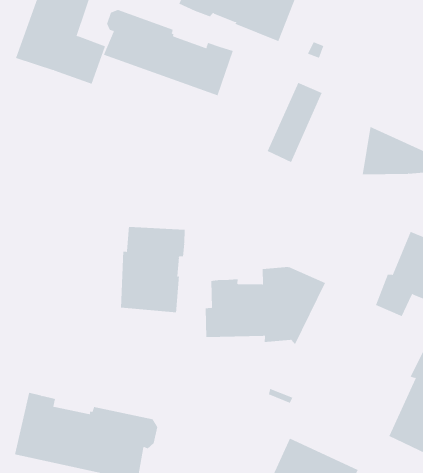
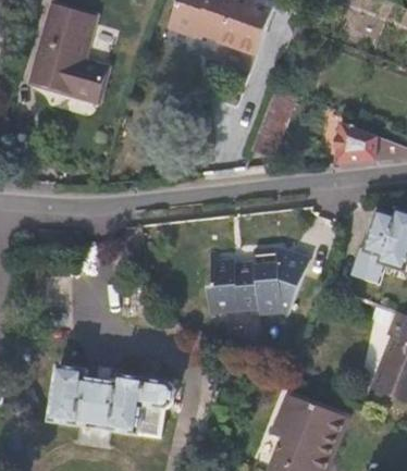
building: [103,9,233,96] -> none
building: [121,226,185,313] -> none

